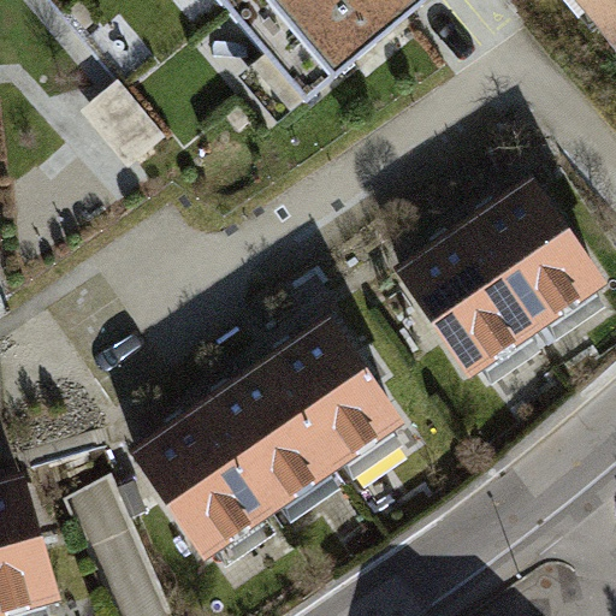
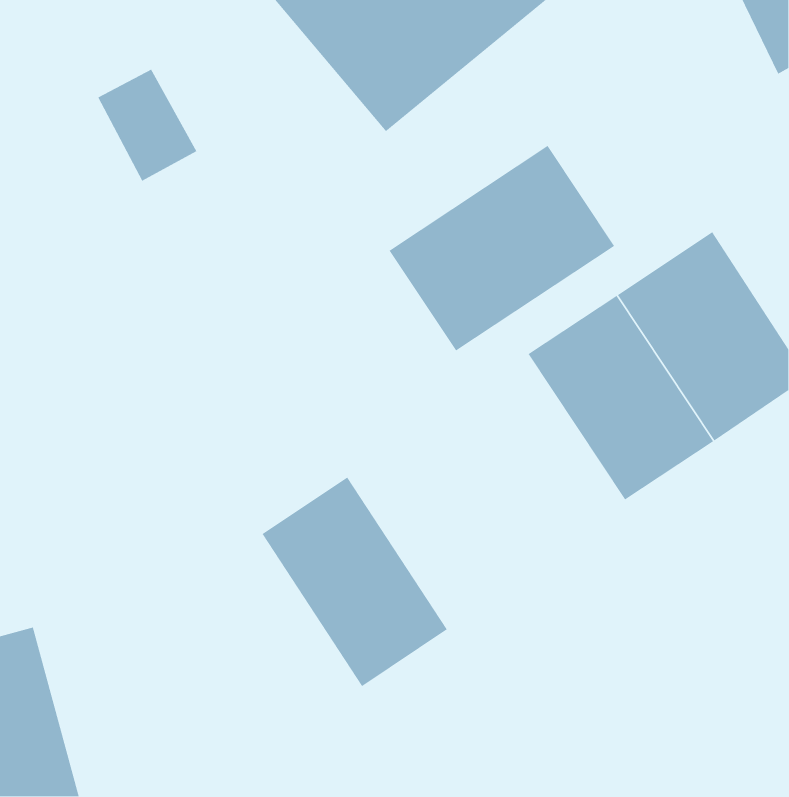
building: none -> [389,145,615,352]
building: [262,318,403,475] -> none
building: [131,403,273,562] -> none

